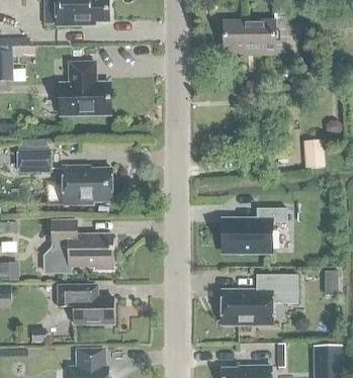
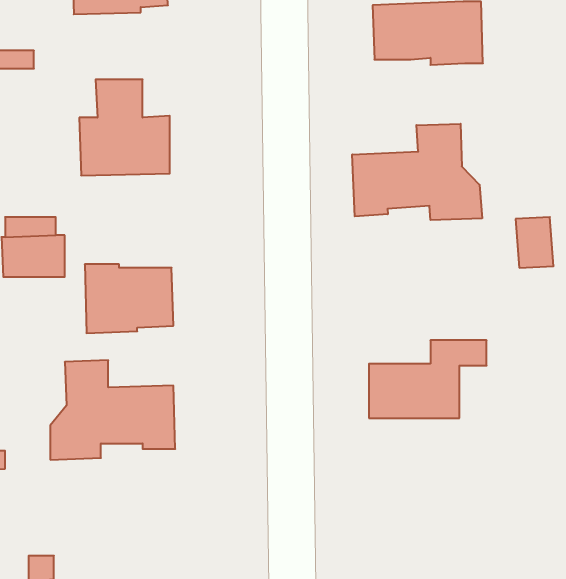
building: none -> [352,124,482,220]
building: [220,274,296,322] -> none
building: [57,283,112,322] -> none

